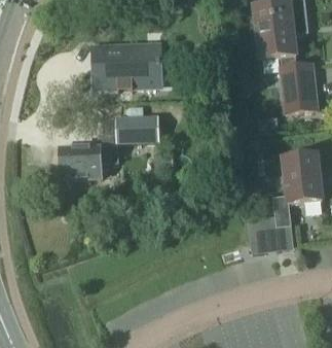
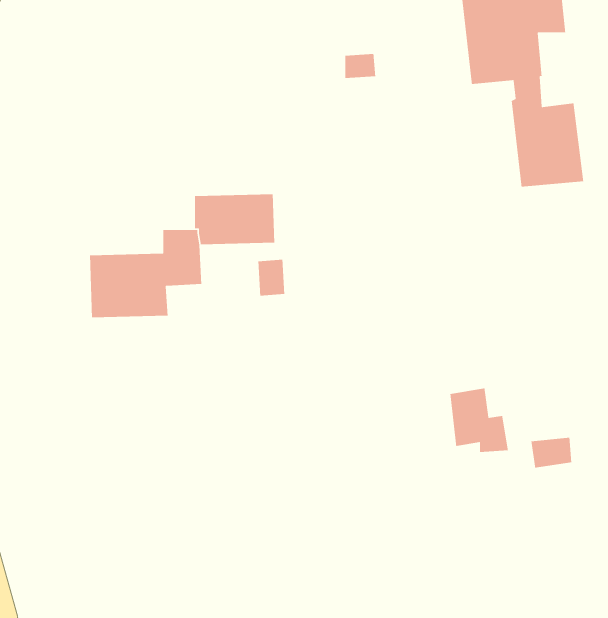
building: [95,43,159,89] -> none
building: [271,152,322,225] -> none

